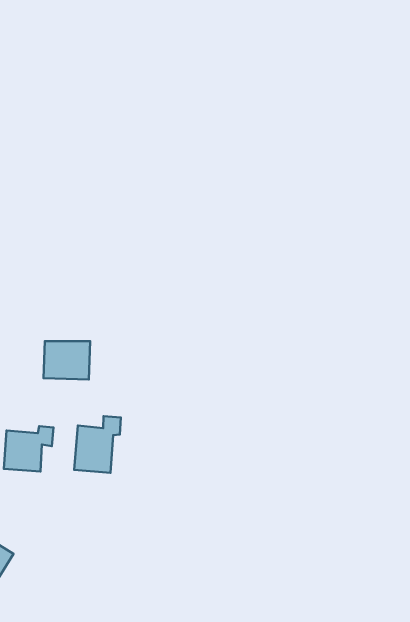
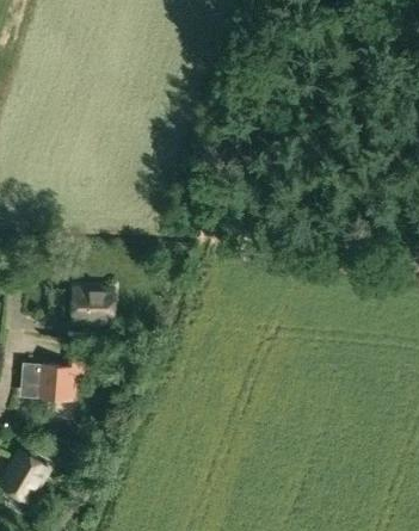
building: [74,416,121,473] -> none

